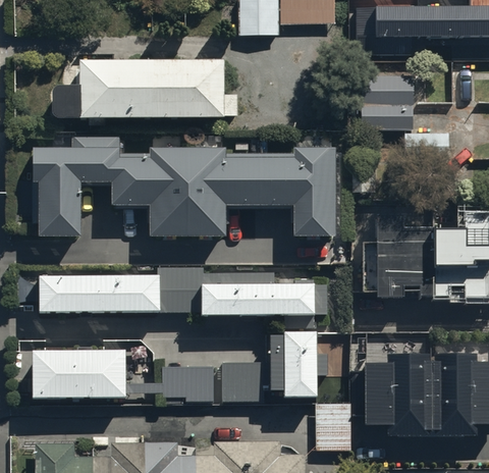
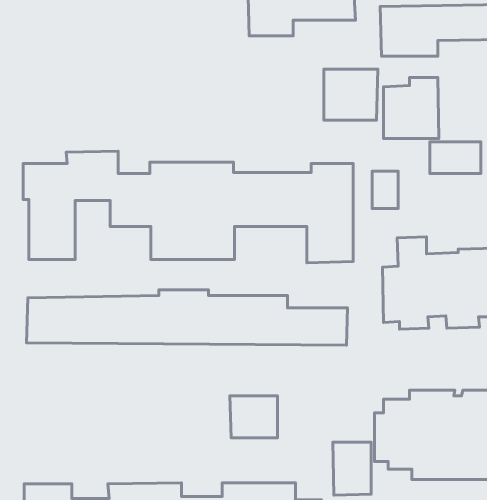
building: [53,56,237,116] -> none
building: none -> [324,69,378,120]
building: [270,327,317,398] -> none
building: [33,346,213,401] -> none

